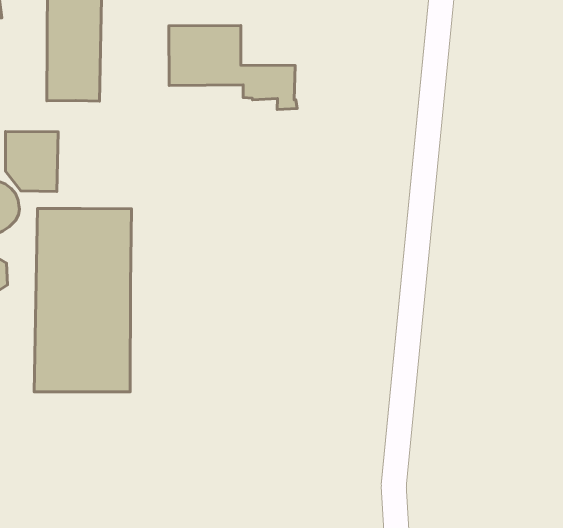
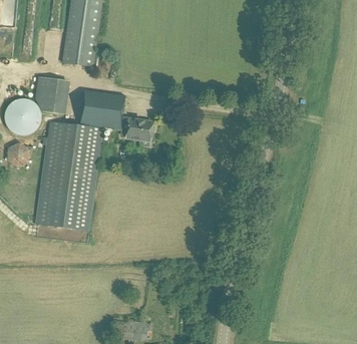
building: [169,25,297,109] -> [80,90,151,145]

